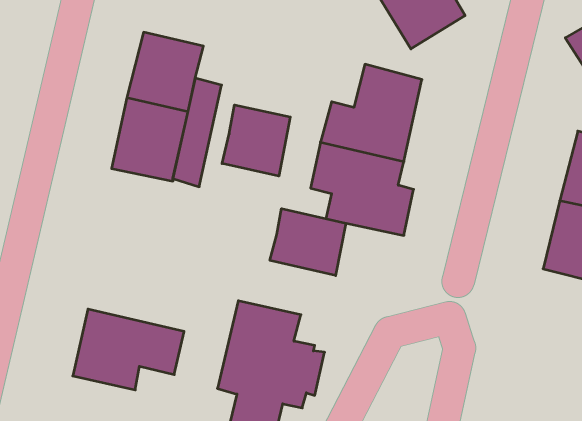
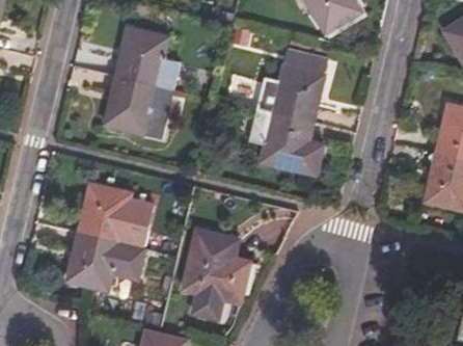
building: [222,105,290,176] -> none
building: [270,209,346,276] -> none
building: none -> [80,179,161,248]

